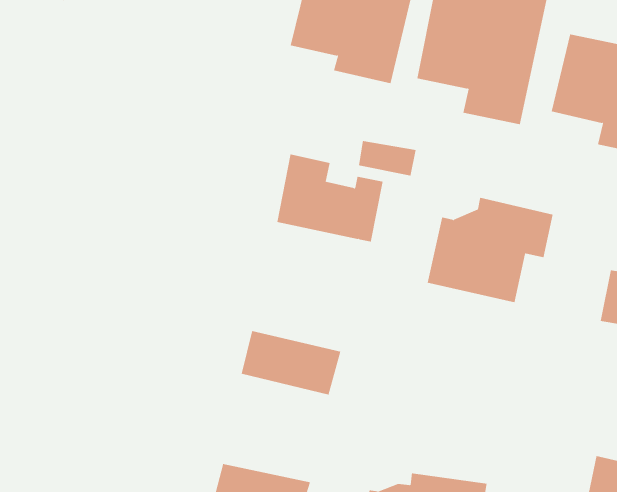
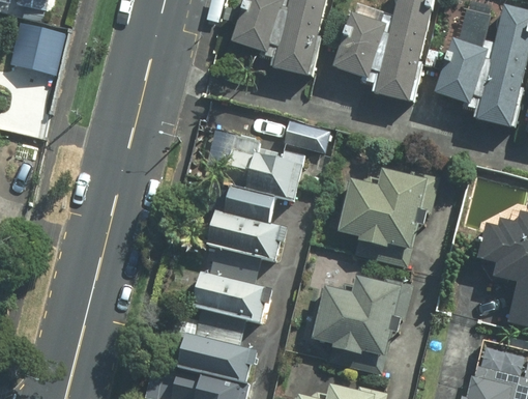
building: none -> [12,24,64,72]
building: none -> [206,193,283,261]
building: none -> [307,264,415,360]
building: none -> [176,335,255,381]

